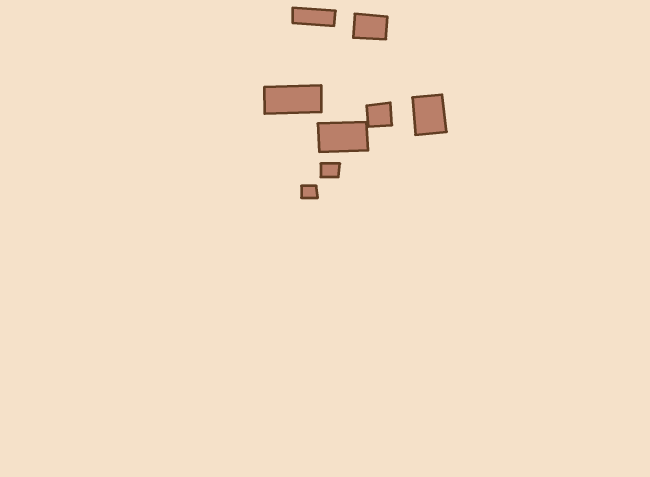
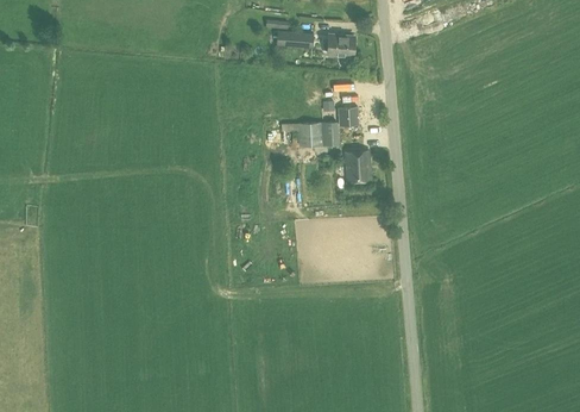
building: [265,85,321,114] -> none
building: [412,95,447,135] -> [345,150,372,182]

